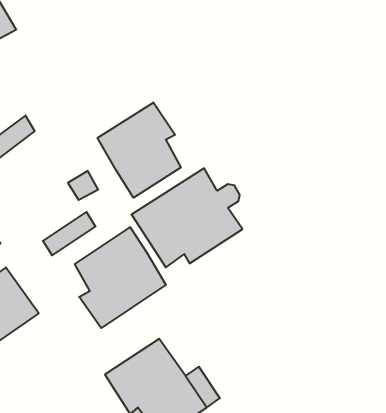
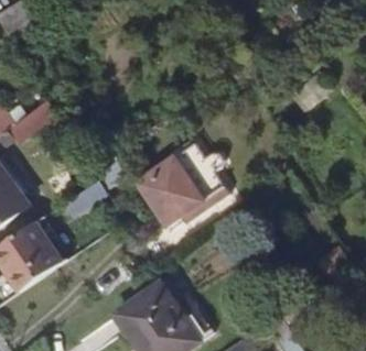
building: [98,102,181,198] -> none
building: [75,227,166,328] -> none

